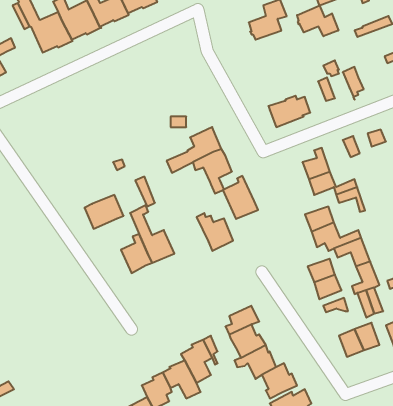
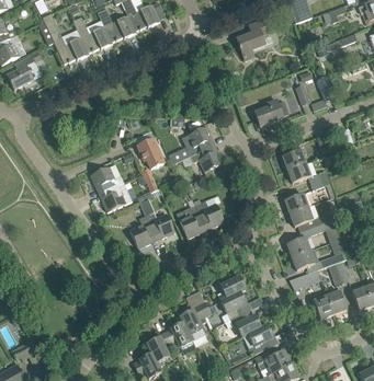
building: [297,6,338,36] -> none
building: none -> [137,138,165,169]
building: none -> [90,166,124,194]
building: [223,176,258,219] -> [177,201,206,238]

